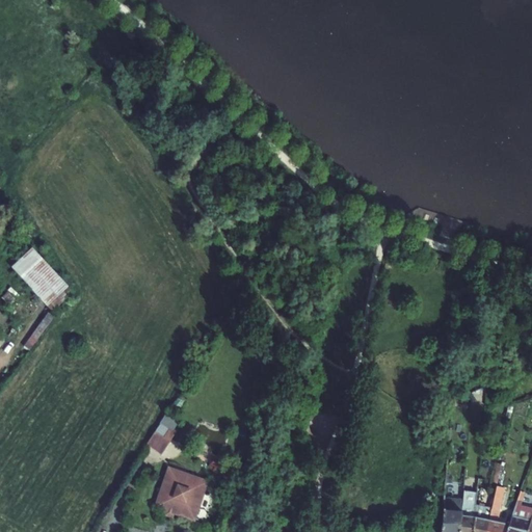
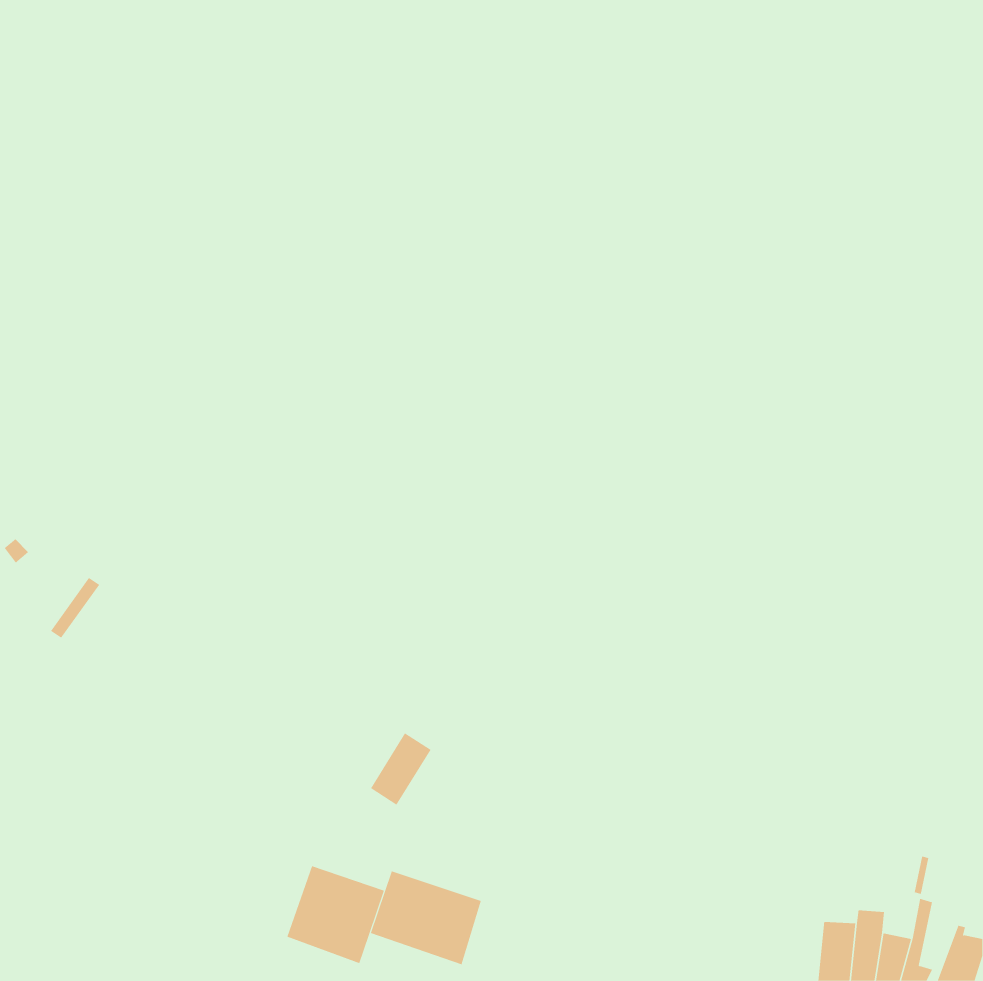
building: [11,247,69,312] -> none
building: [149,413,182,452] -> [370,732,432,806]
building: none -> [370,870,481,965]

